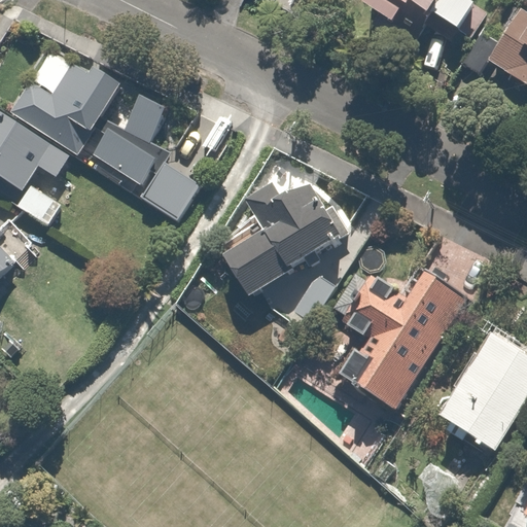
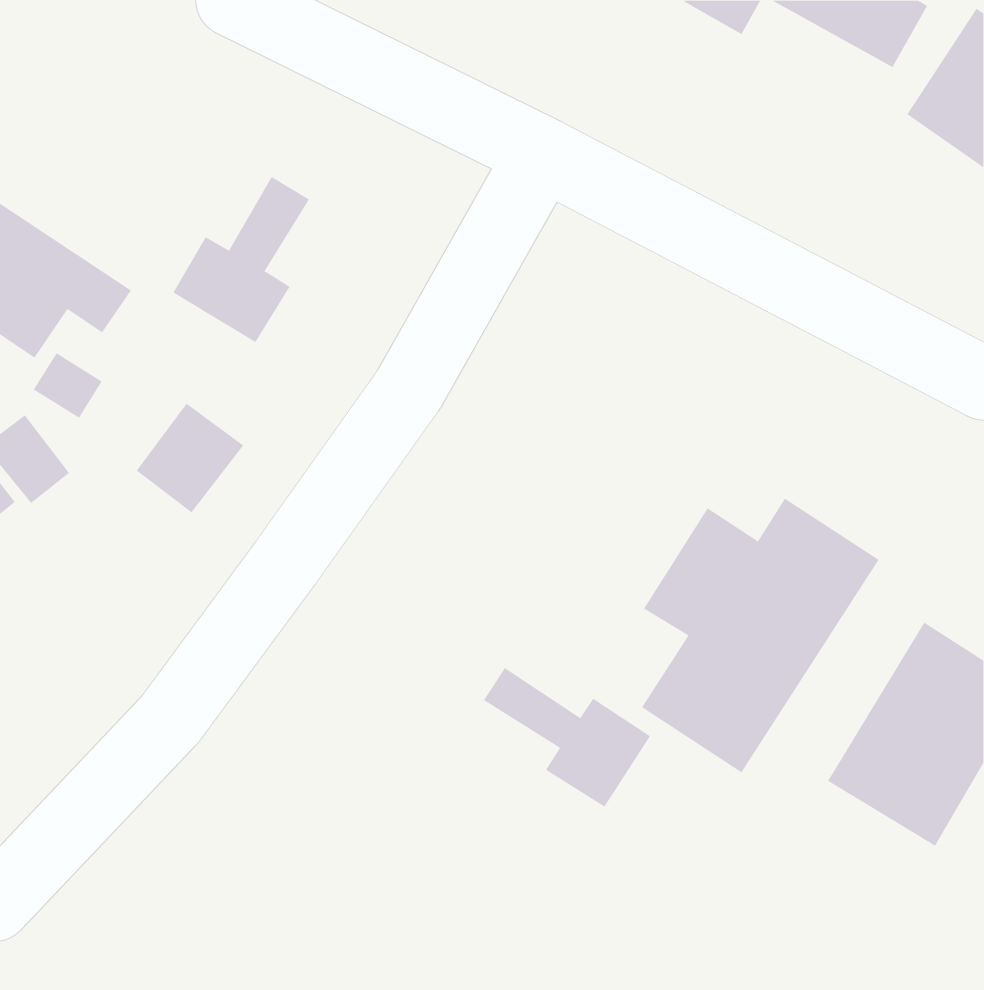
building: [14,57,121,151] -> none
building: [138,163,196,221] -> [136,403,244,513]
building: [214,178,350,296] -> none
building: none -> [483,667,651,808]

